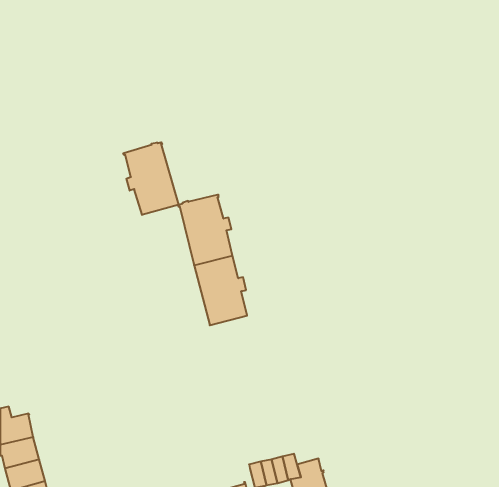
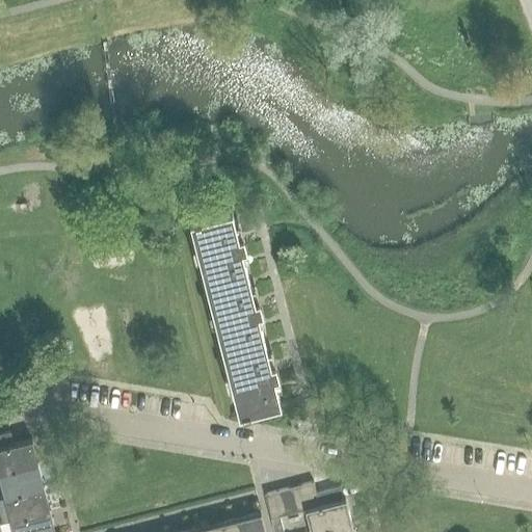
building: [123,142,178,215] -> none
building: none -> [224,349,282,424]

